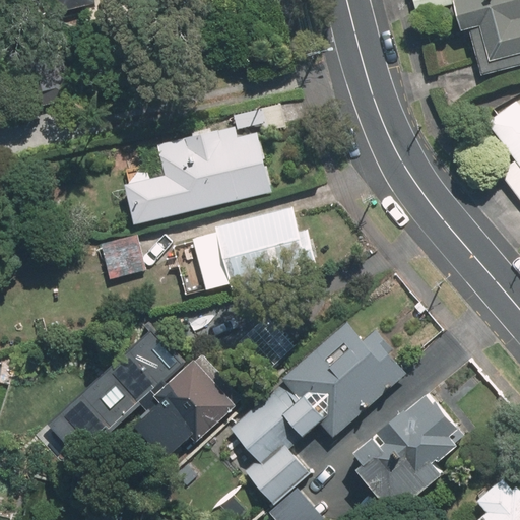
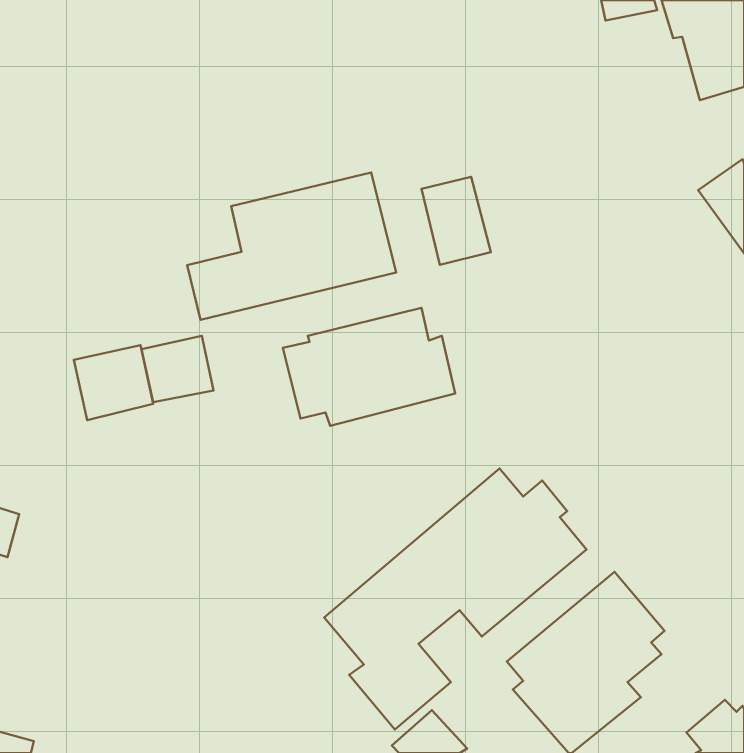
building: none -> [422,177,491,265]
building: none -> [74,345,153,420]
building: [30,324,248,476] -> none

